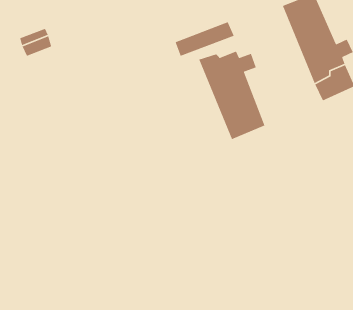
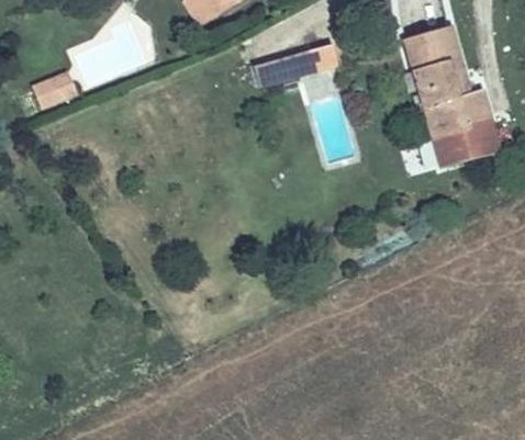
building: [198,50,266,140] -> none

